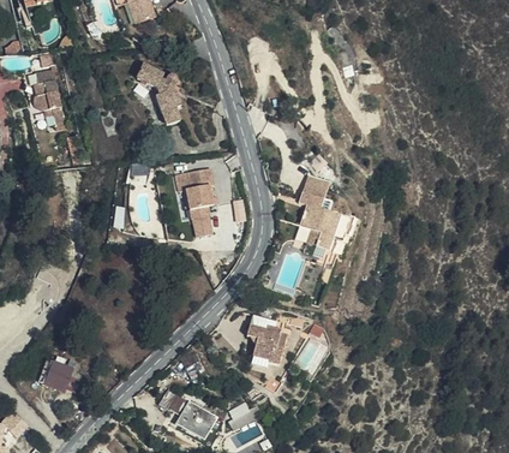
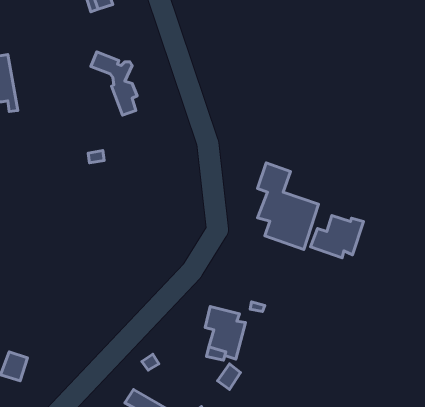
building: [174,163,215,236] -> none
building: none -> [311,216,364,258]

